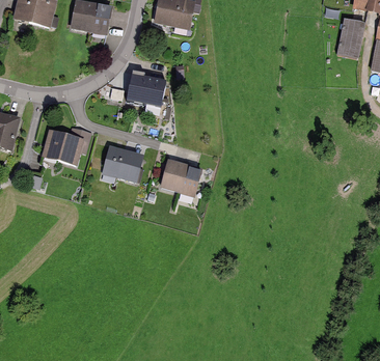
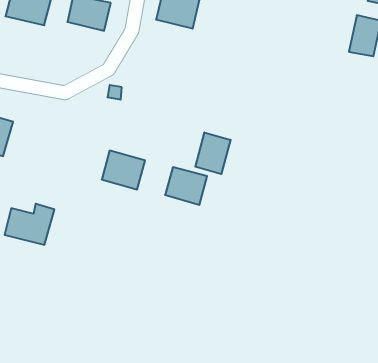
building: [126,74,166,111] -> none
building: [43,127,89,165] -> [5,204,54,245]
building: none -> [195,132,231,174]

